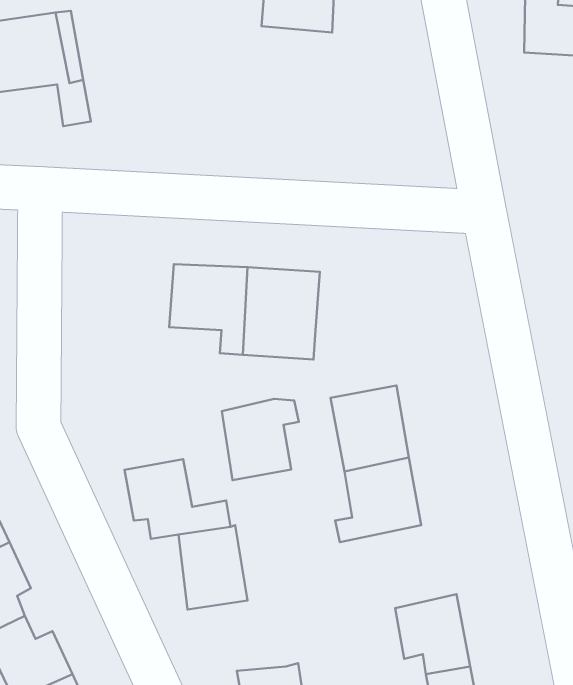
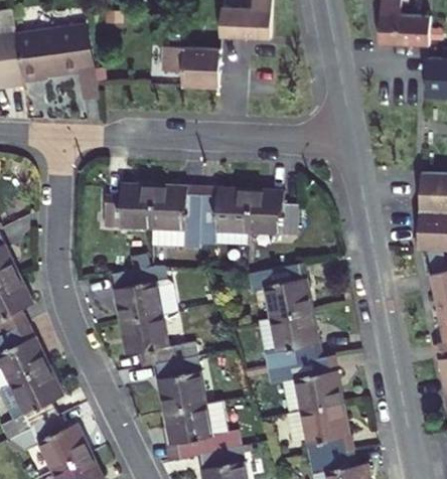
building: none -> [149,39,213,89]
building: none -> [109,184,157,227]
building: none -> [250,191,300,234]
building: [222,399,299,480] -> [118,268,168,321]
building: none -> [266,354,342,412]
building: none -> [166,407,231,456]

